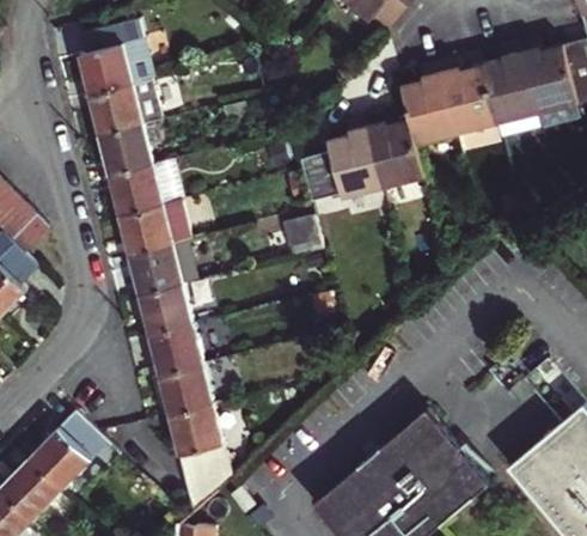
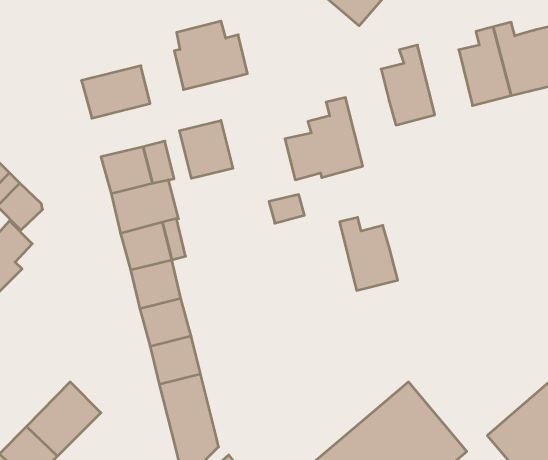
building: [77,25,153,97] -> [174,21,247,90]
building: [438,55,495,133] -> none
building: [362,110,423,187] -> [340,217,398,290]
building: [97,126,151,177] -> none
building: none -> [179,120,233,178]

